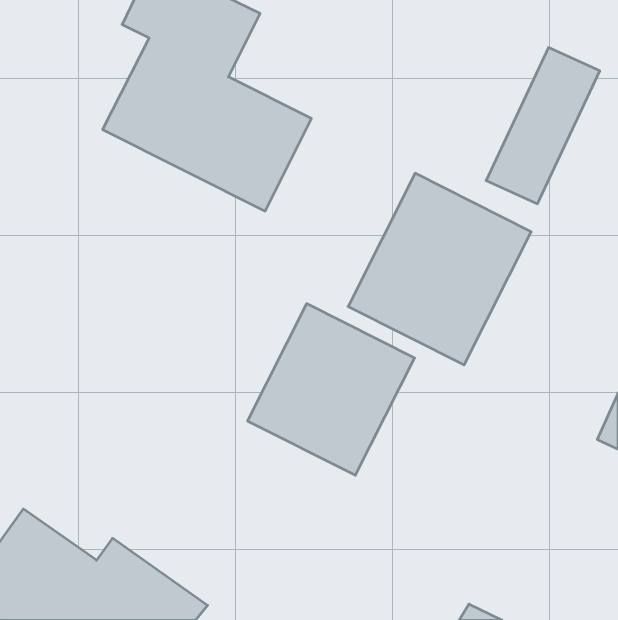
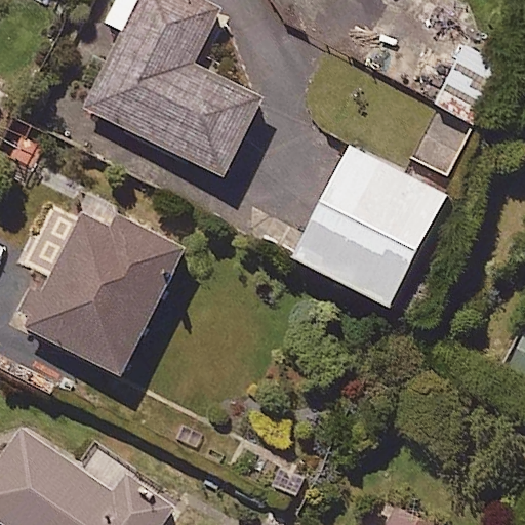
building: none -> [18,202,184,376]
building: [248,304,415,475] -> none

